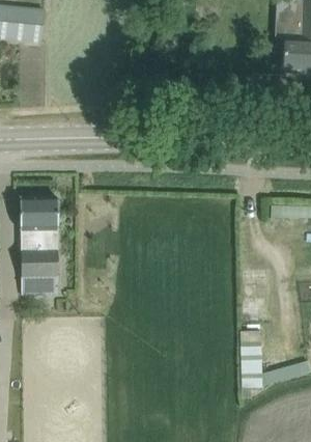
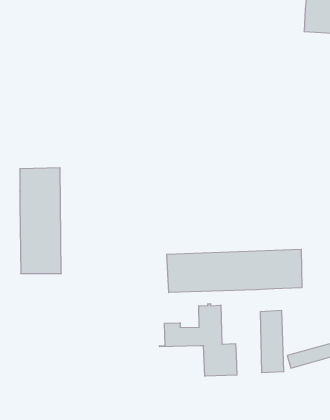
building: none -> [167,249,302,293]
building: none -> [160,304,237,376]

